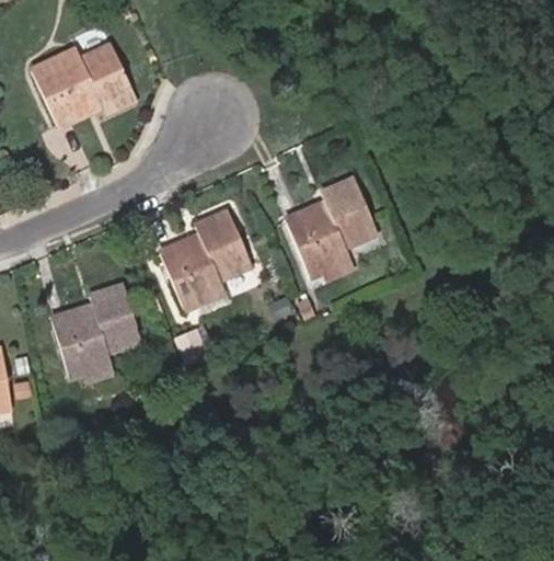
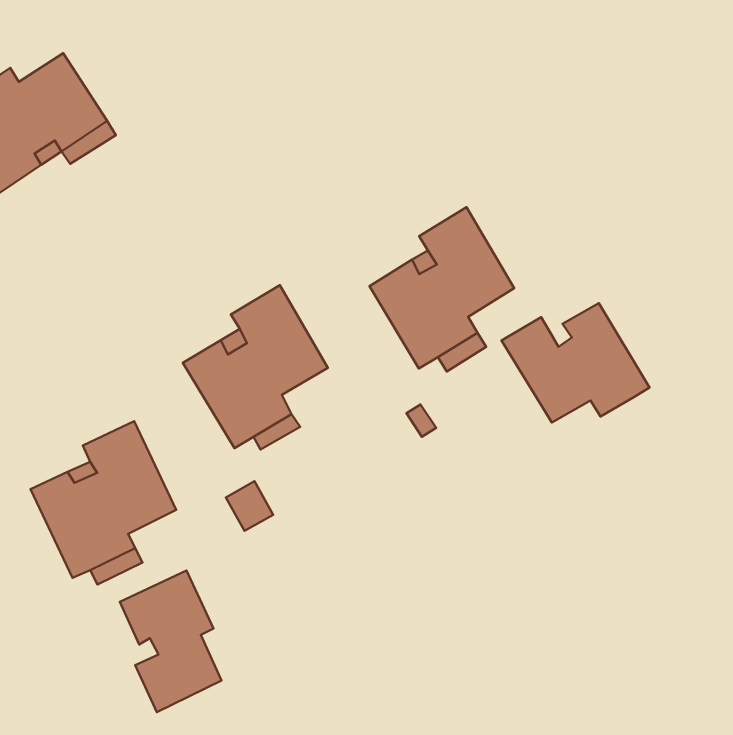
building: none -> [501,303,650,423]
building: none -> [120,570,222,712]

